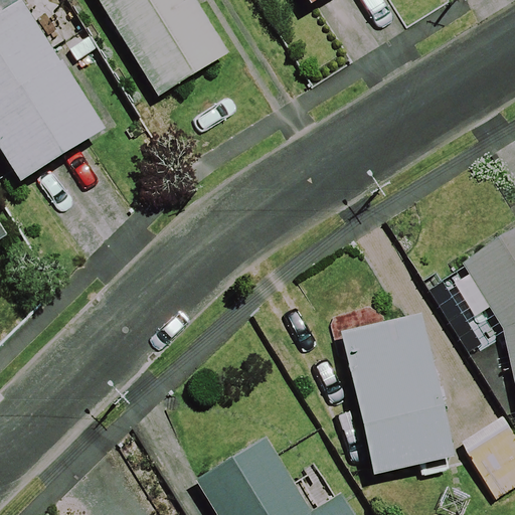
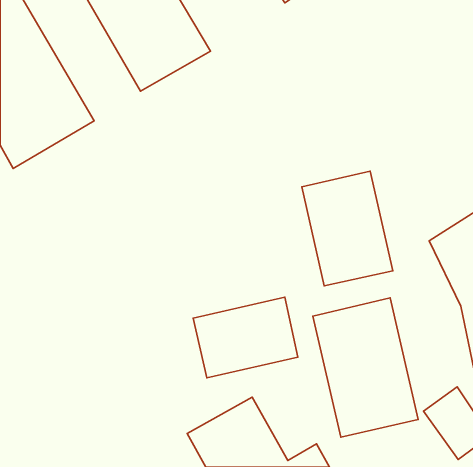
building: none -> [302,171,393,286]
building: none -> [193,297,298,378]

